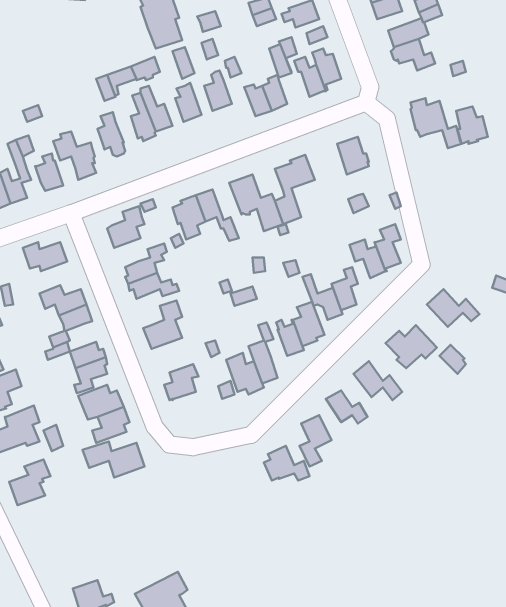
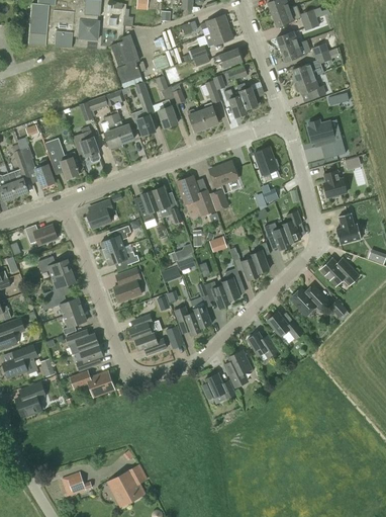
building: [456,107,488,144] -> [323,171,347,198]
building: none -> [335,213,361,245]
building: none -> [134,333,167,356]

